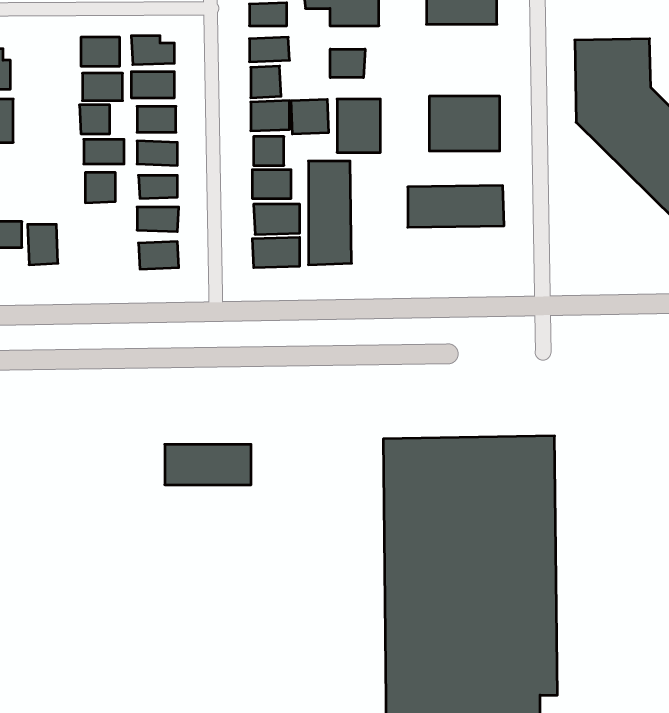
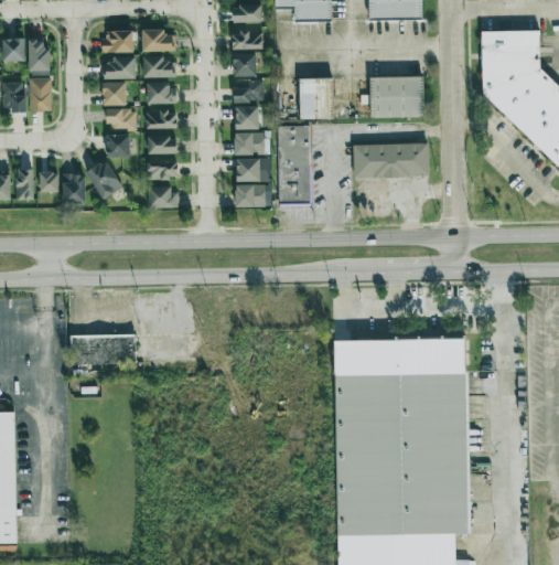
building: [330,49,365,78] -> none
building: [291,99,328,134] -> none
building: none -> [87,160,122,200]
building: [165,444,251,485] -> [71,334,137,365]

